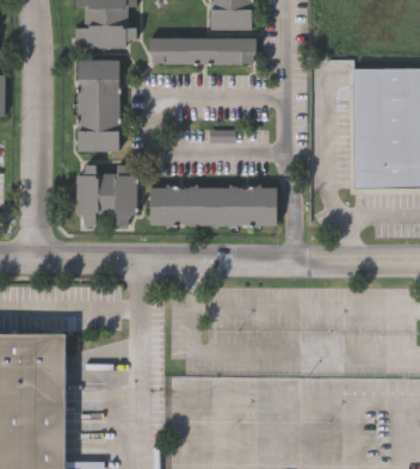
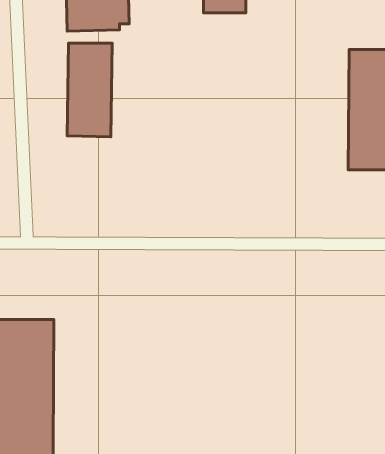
building: [150,38,257,64] -> none
building: [79,165,136,226] -> none
building: [149,187,277,227] -> none

